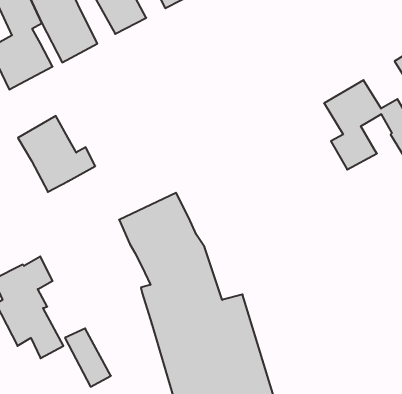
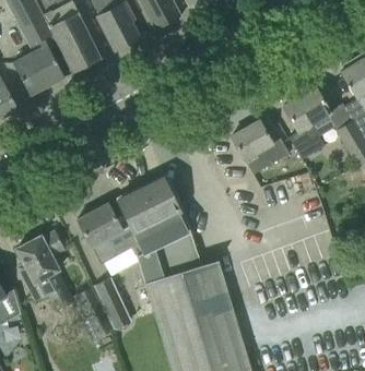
building: [18,116,95,192] -> [76,203,139,264]
building: none -> [231,121,290,175]
building: none -> [95,277,133,330]

